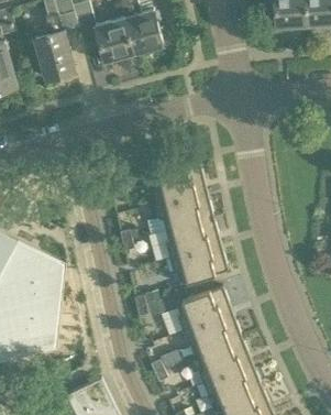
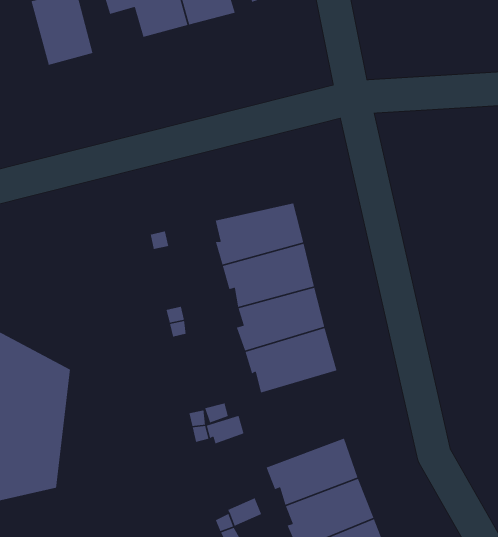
building: [175,286,232,331] -> none

